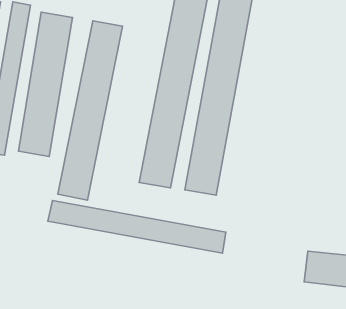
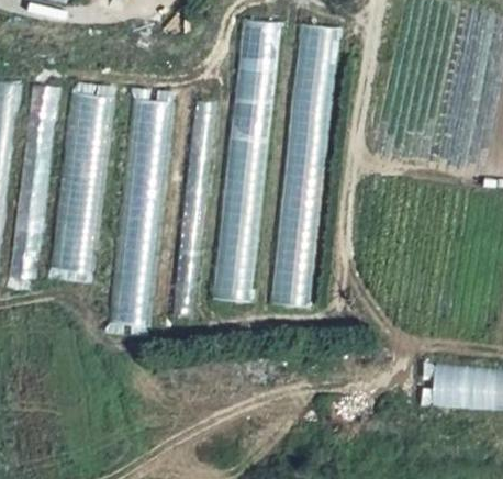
building: [48,201,226,253] -> none

